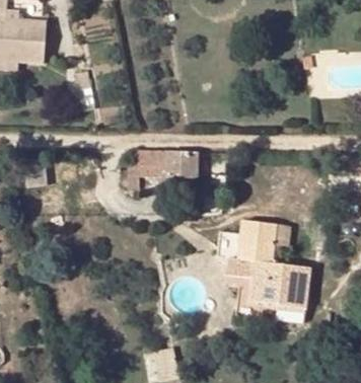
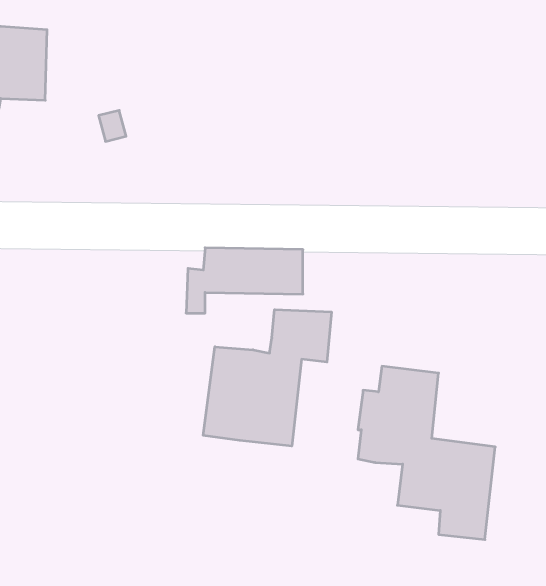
building: none -> [203,310,331,446]

